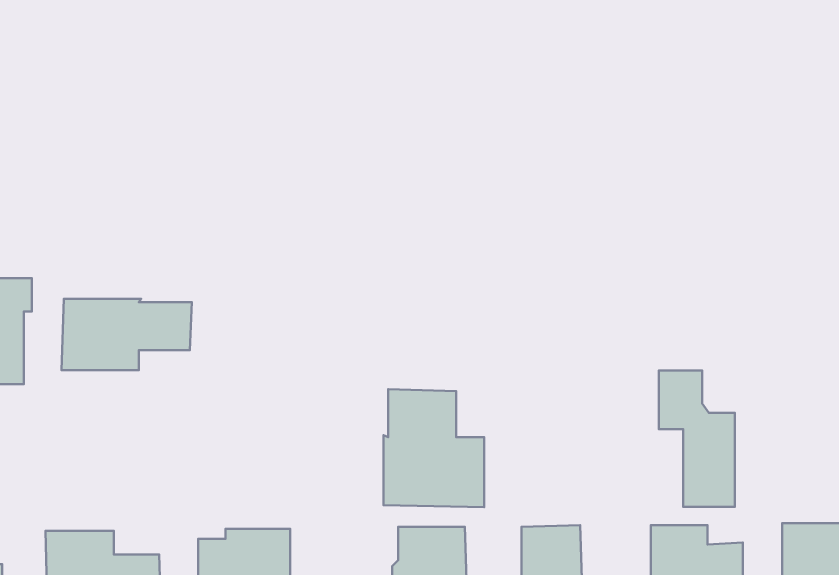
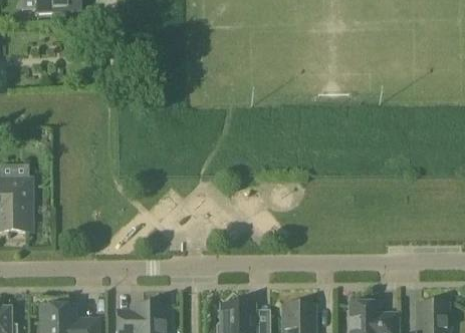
building: [62,299,192,370] -> none
building: [659,371,735,507] -> none
building: [384,389,484,507] -> none

